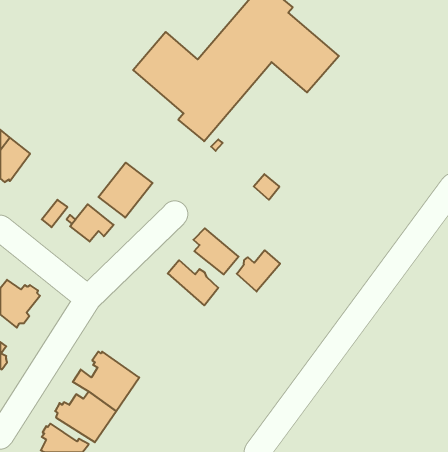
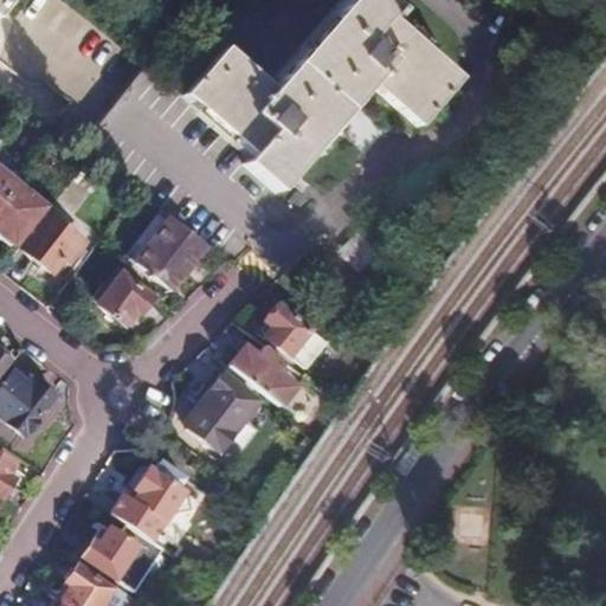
building: none -> [28,213,89,269]
building: [237,250,280,292] -> none
building: none -> [183,369,258,453]

